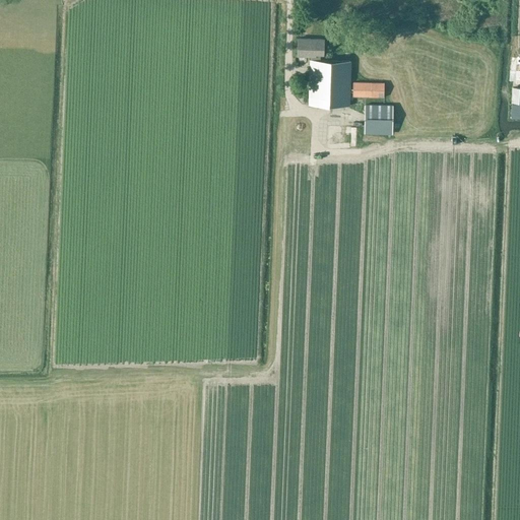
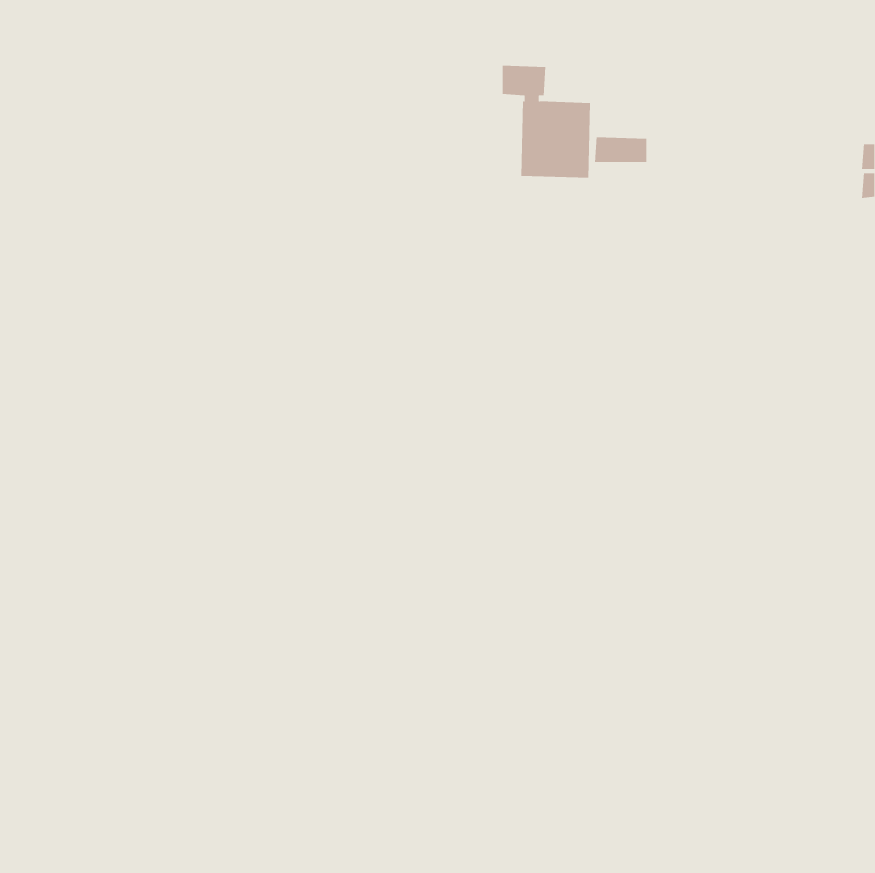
building: [365,105,393,134] -> none

